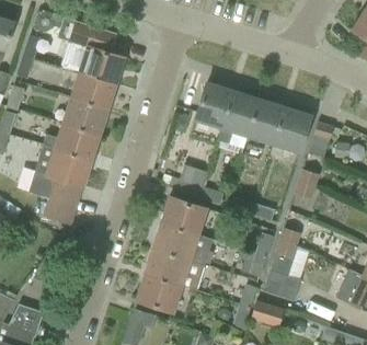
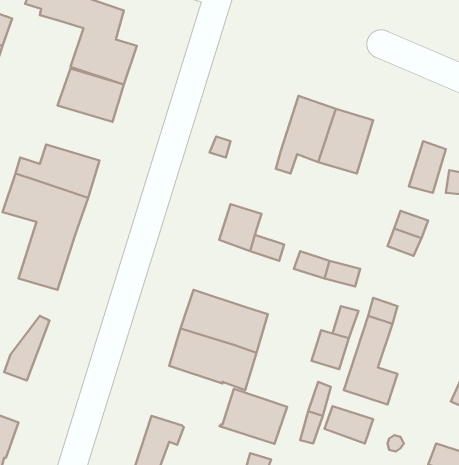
building: [195,82,233,128] -> none
building: [62,97,107,135] -> none
building: [273,107,311,152] -> none
building: [162,196,206,234] -> none
building: [136,274,182,311] -> [219,389,287,444]

